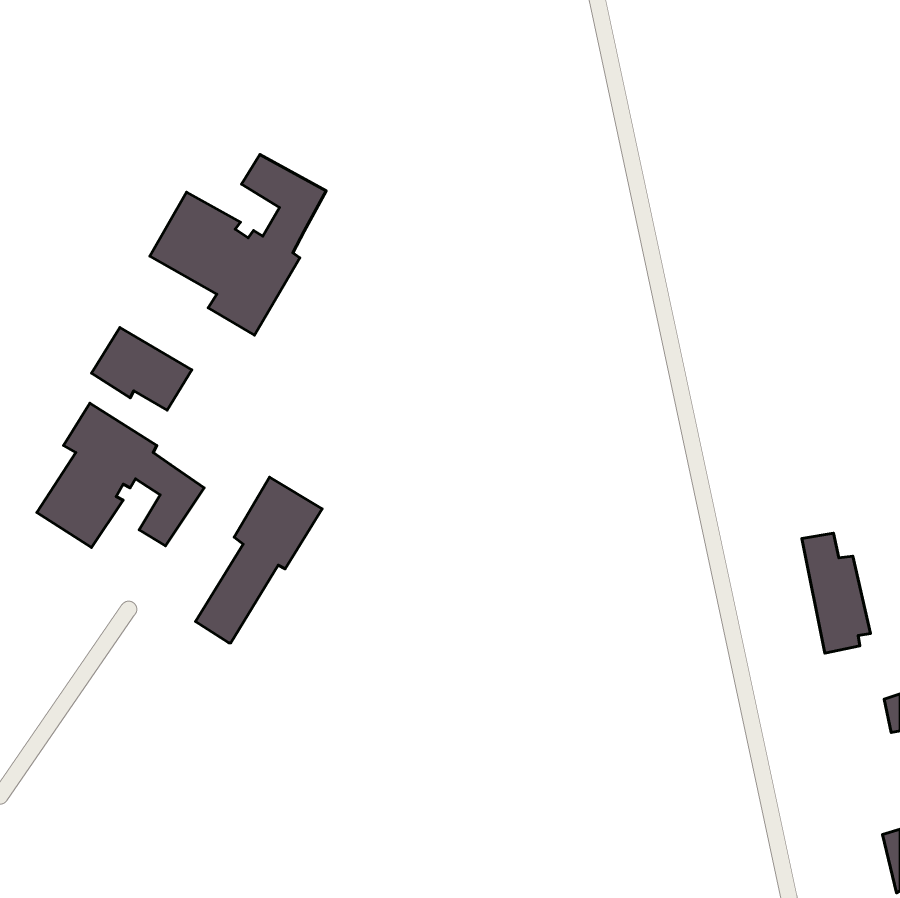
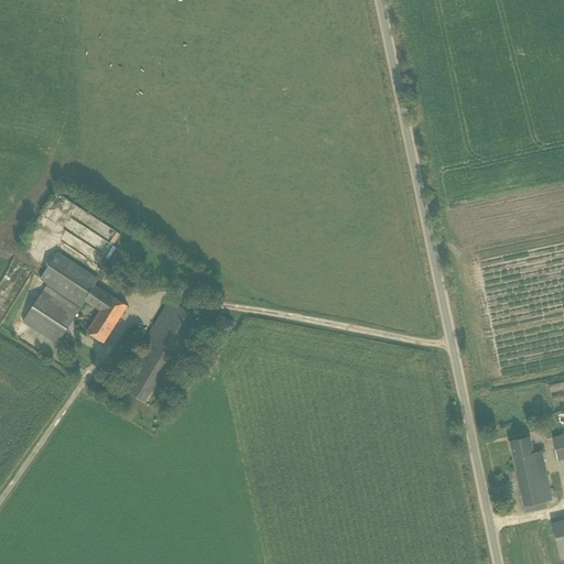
building: [150,154,326,335] -> none
building: [802,533,870,653] -> [510,436,553,511]

